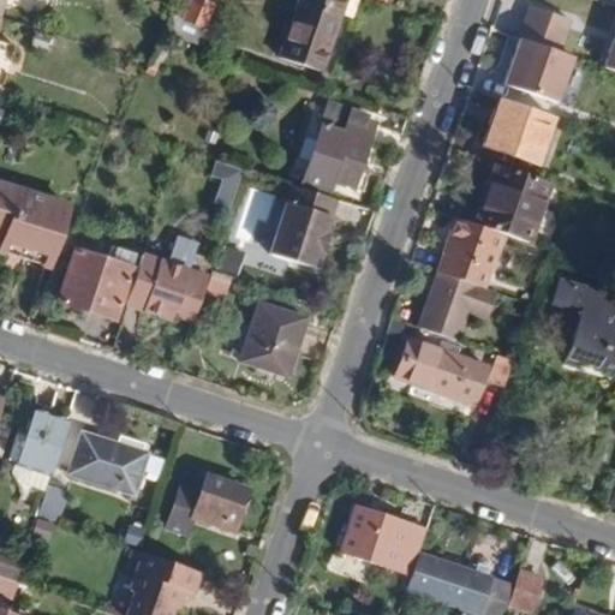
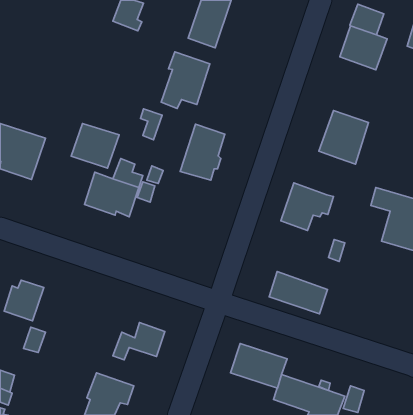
building: [485,98,554,161] -> none
building: [301,106,374,190] -> [161,52,210,109]
building: [437,217,504,288] -> none
building: [60,251,131,317] -> [71,124,119,168]
building: [240,304,306,376] -> none
building: [396,340,483,402] -> [269,272,327,314]
building: [70,432,147,494] -> none

